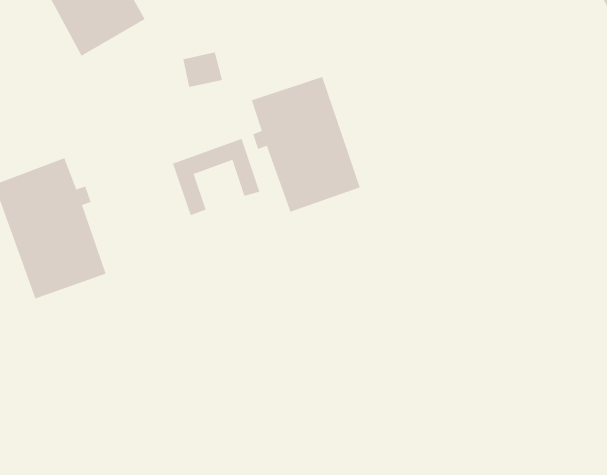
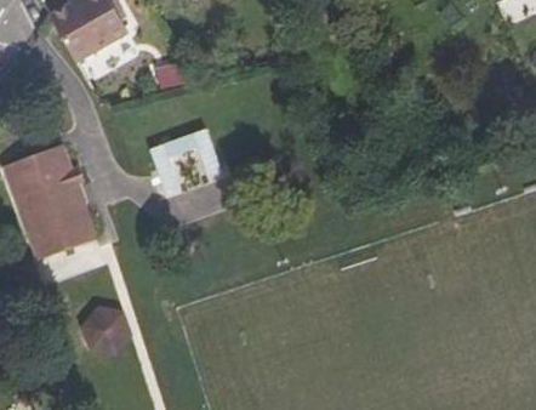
building: [251,76,361,213] -> none
building: none -> [82,304,130,352]

